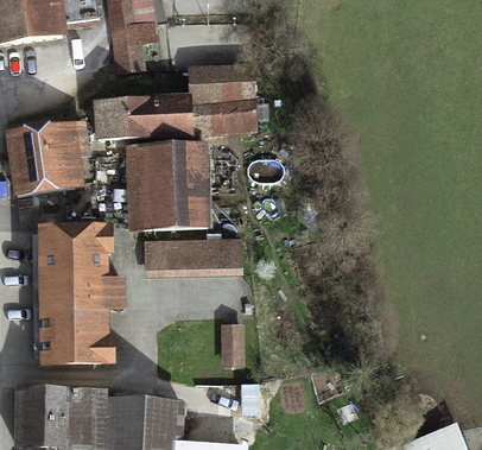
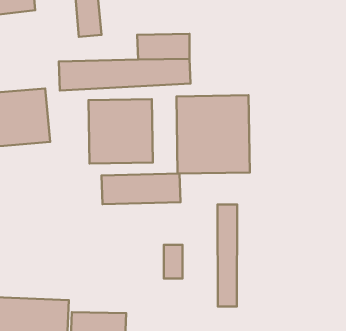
building: none -> [176,95,250,174]
building: [37,224,107,356] -> none
building: none -> [217,204,237,306]

